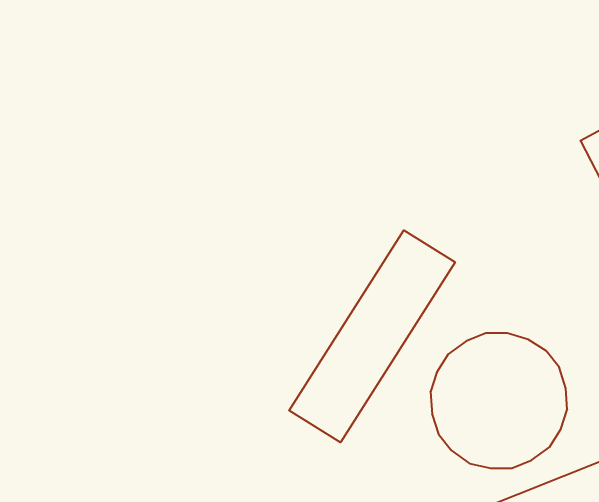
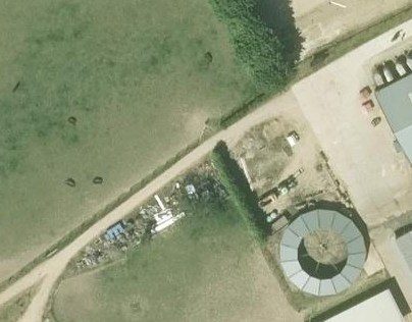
building: [289,230,455,442] -> none

